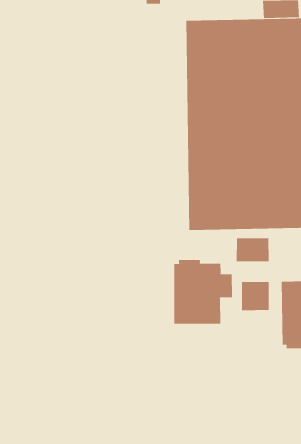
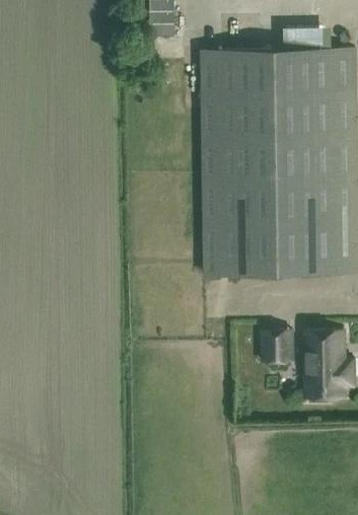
building: [236,237,269,262] -> none
building: [174,259,232,325] -> none

